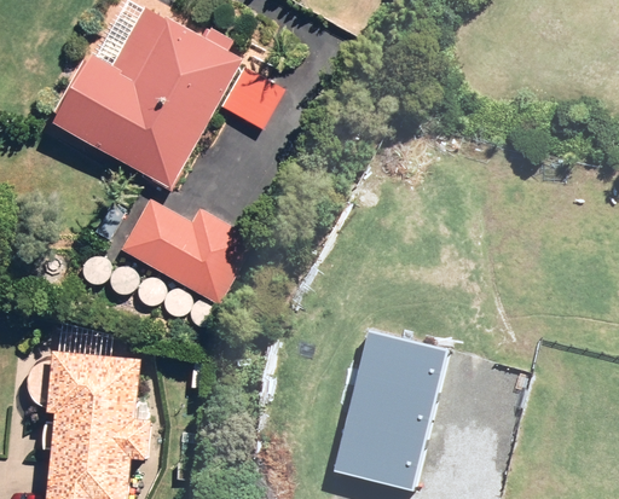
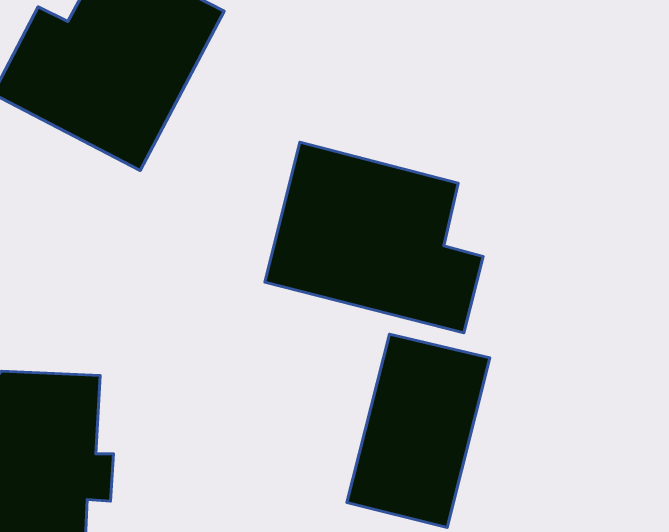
building: none -> [265,142,483,333]
building: [118,197,253,329] -> none

